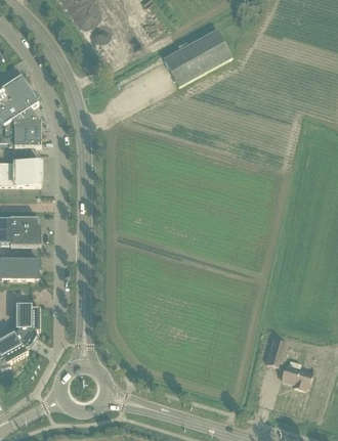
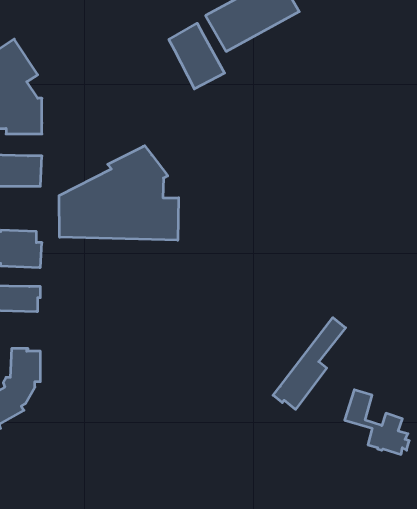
building: none -> [169,23,225,89]
building: none -> [59,146,179,240]
building: none -> [273,318,346,409]

